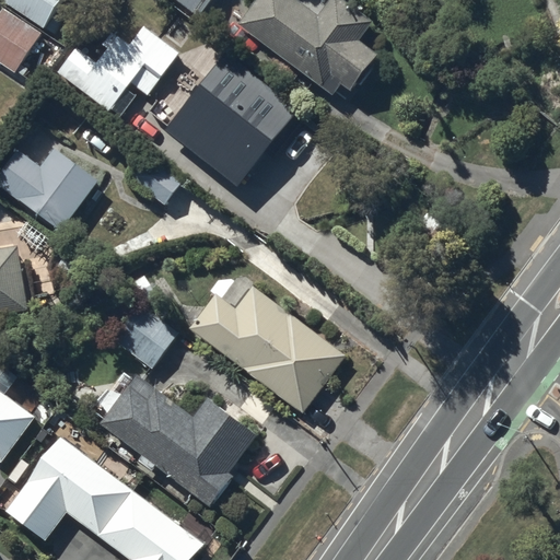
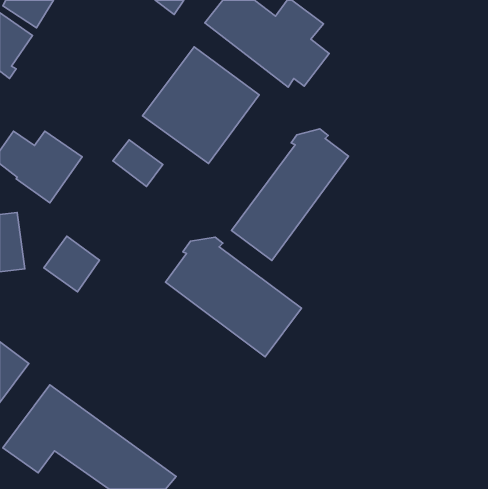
building: [57,28,178,115] -> none
building: none -> [232,129,348,260]
building: [115,302,178,365] -> [44,236,99,292]
building: [94,368,257,502] -> none

